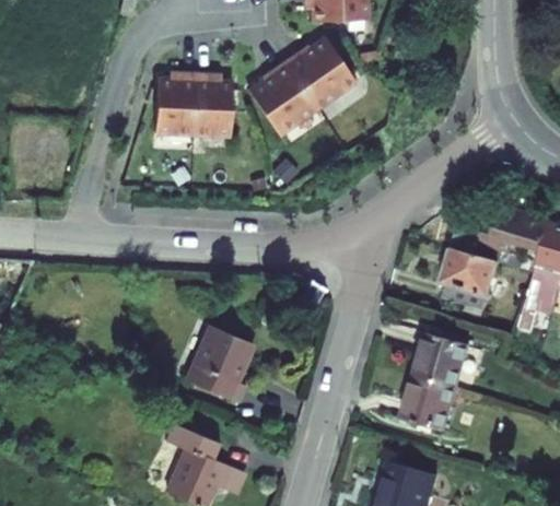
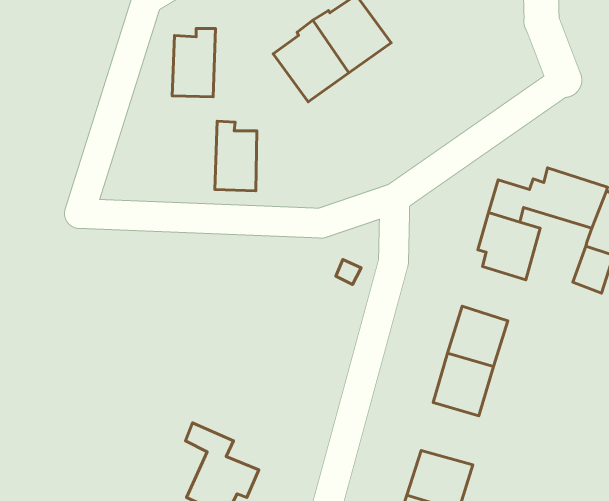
building: [197,71,235,134] -> [215,121,257,191]
building: [192,330,260,408] -> none

